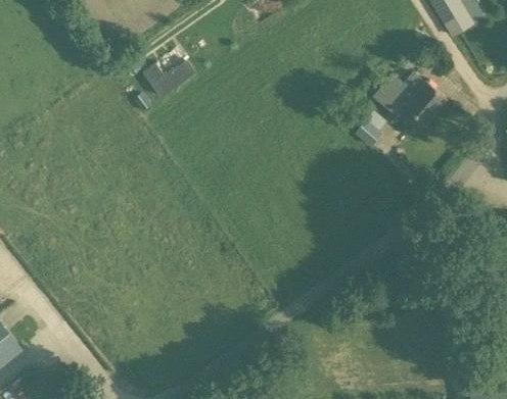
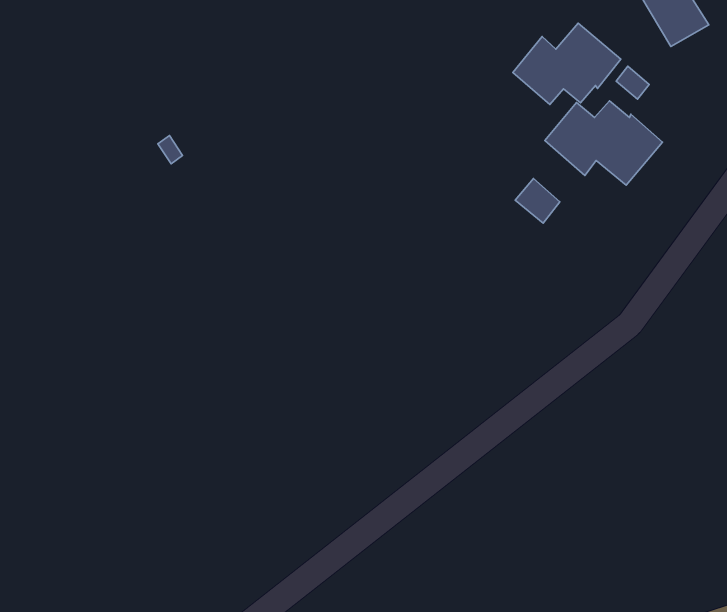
building: none -> [513,23,621,105]
building: [142,59,194,96] -> none

